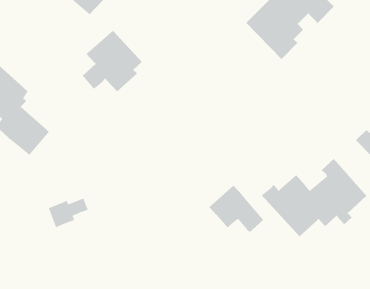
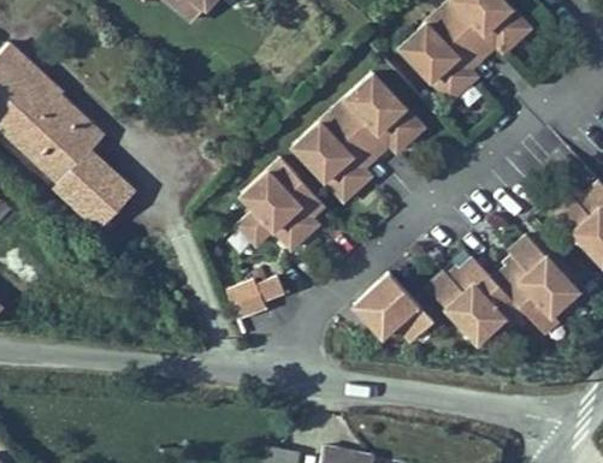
building: [82,30,143,92] -> [242,159,327,247]
building: none -> [295,70,426,200]
building: [48,197,89,228] -> [229,277,286,320]

